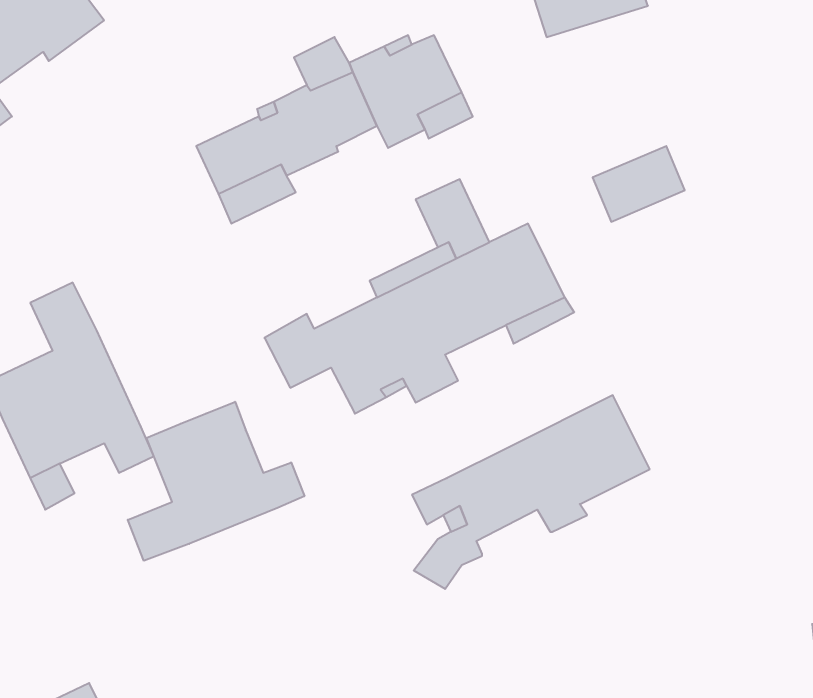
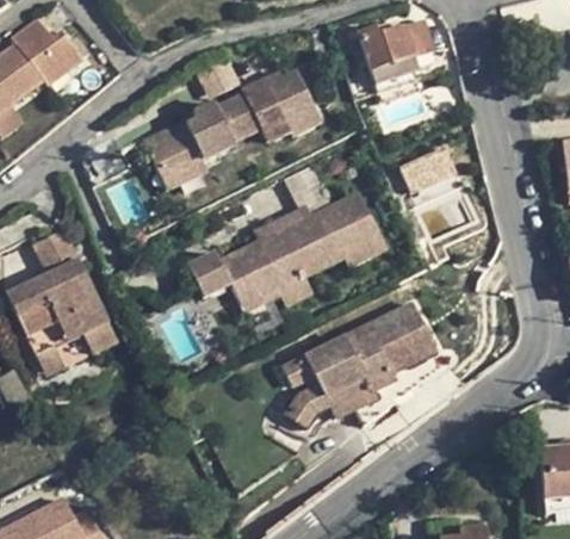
building: [128,402,304,561] -> none
building: none -> [324,376,377,419]

